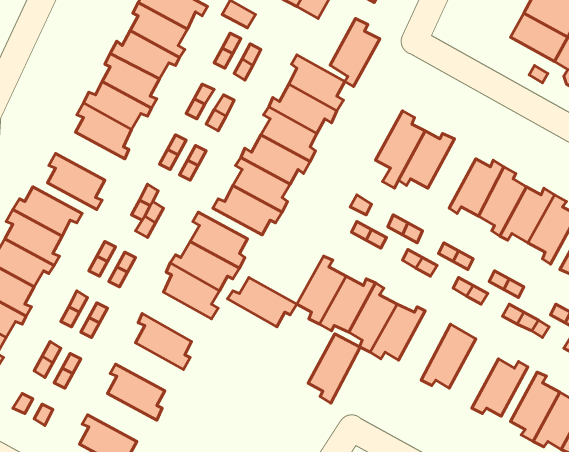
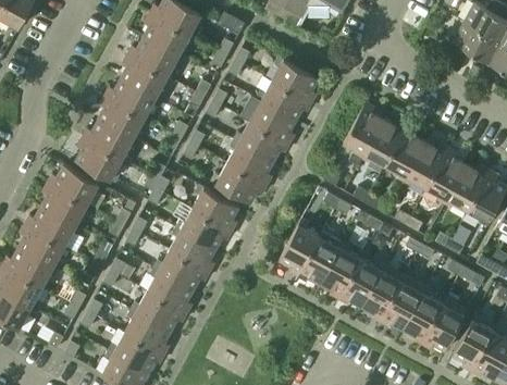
building: [330,18,380,86] -> none
building: none -> [82,120,138,159]
building: none -> [385,125,424,182]
building: [228,277,297,327] -> [152,250,209,290]
building: [308,334,360,403] -> [361,265,404,322]
building: none -> [403,288,443,345]
building: none -> [131,291,186,331]
building: none -> [108,333,164,372]

